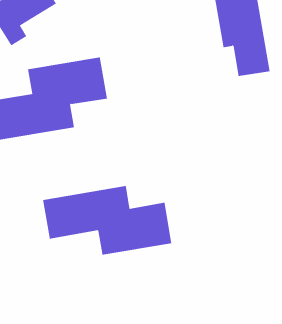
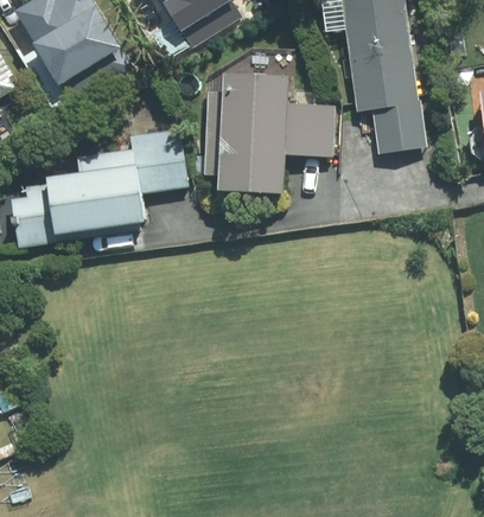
building: none -> [202,72,338,198]
building: [42,185,172,255] -> none

